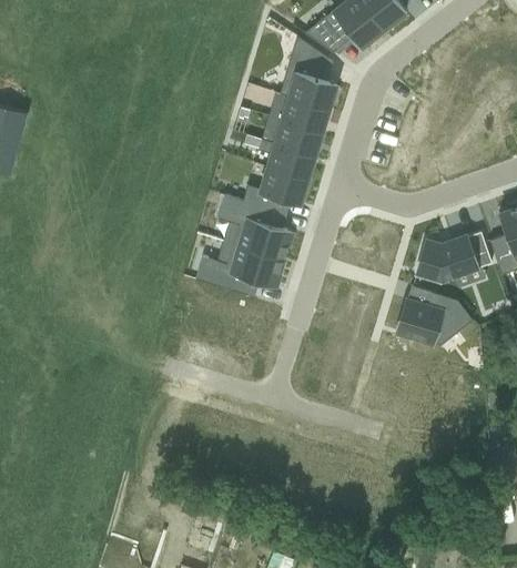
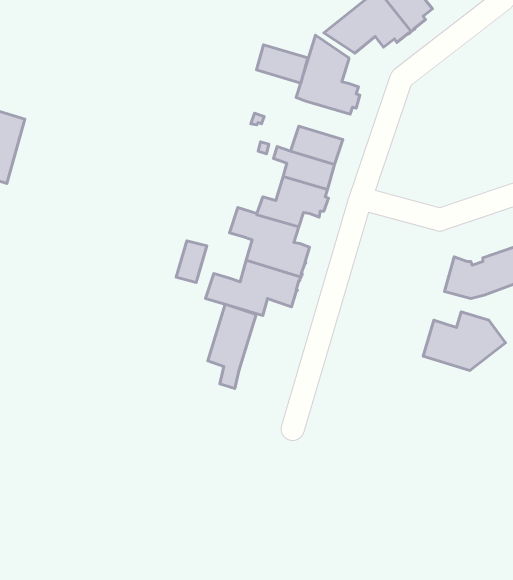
building: [281,97,328,132] -> [256,45,308,83]
building: none -> [176,241,207,282]
building: none -> [208,304,256,388]

